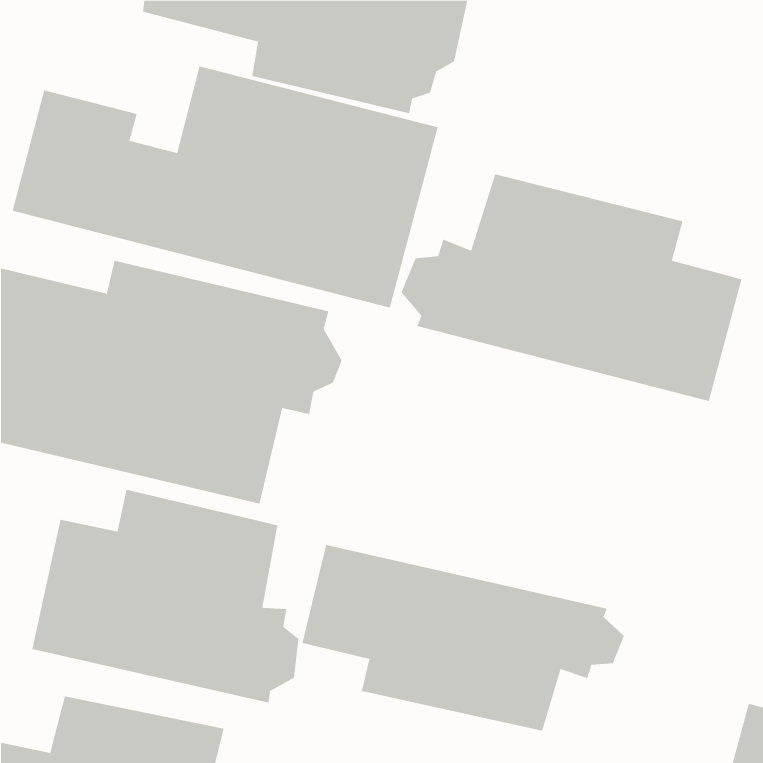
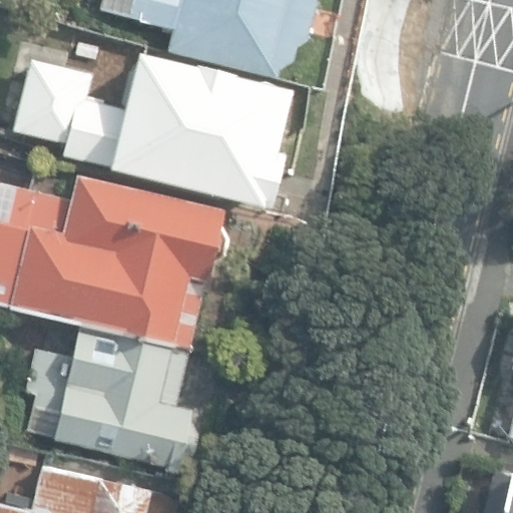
building: [401,174,742,402] -> none
building: [302,544,625,731] -> none

